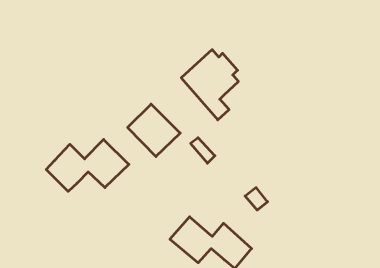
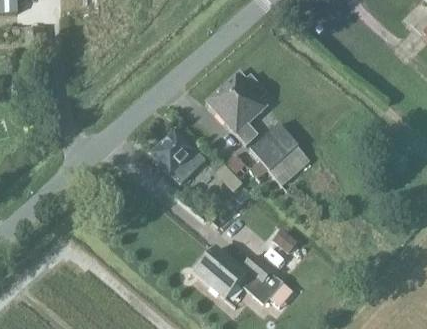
building: none -> [249,123,309,185]
building: [46,139,129,191] -> none

